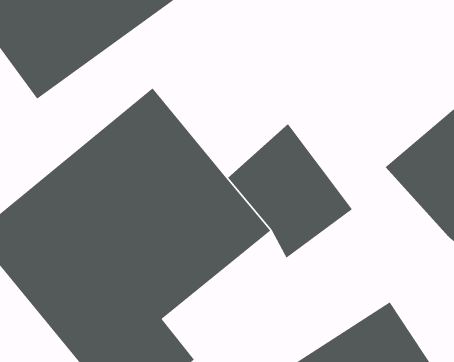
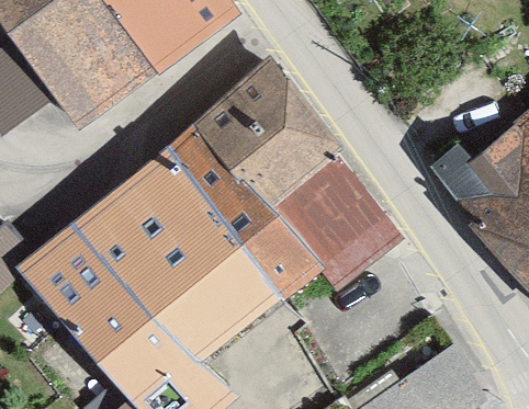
building: none -> [200,60,348,209]

